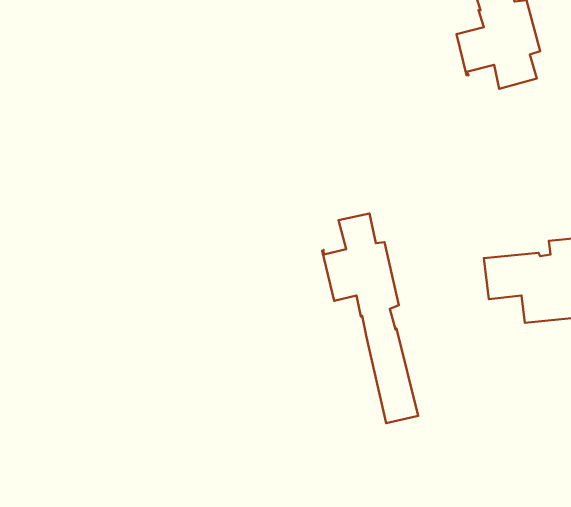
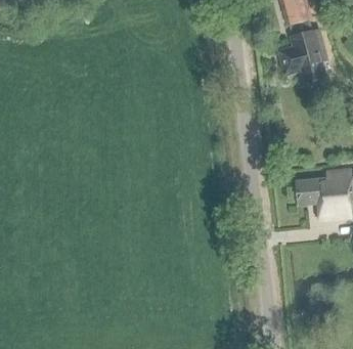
building: [322,214,418,423] -> none

